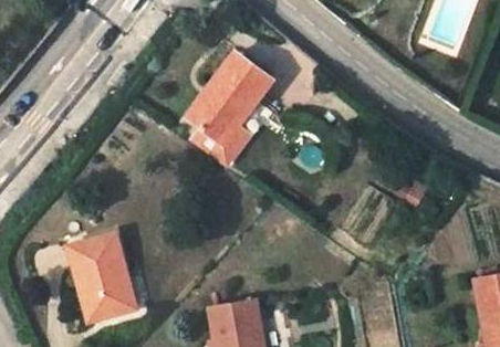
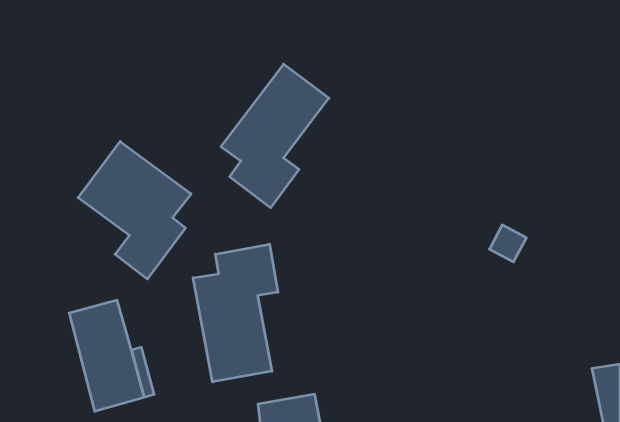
building: none -> [78,141,191,279]
building: none -> [193,244,278,382]

